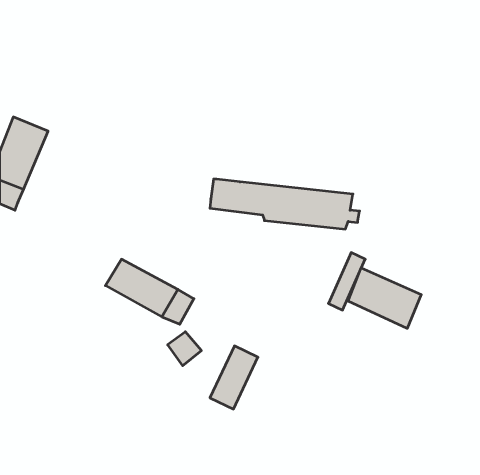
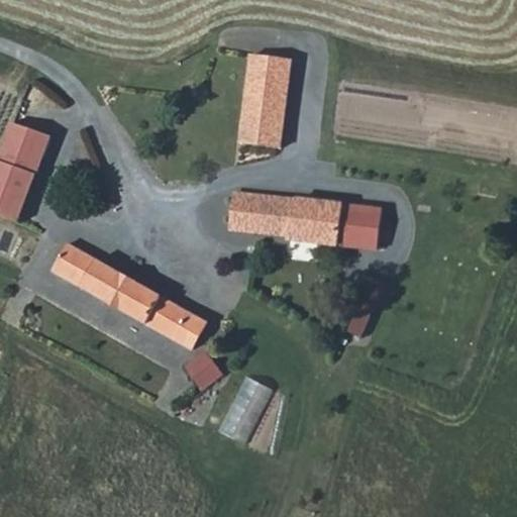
building: none -> [237,57,288,148]
building: none -> [53,243,130,306]
building: [348,268,421,328] -> none

